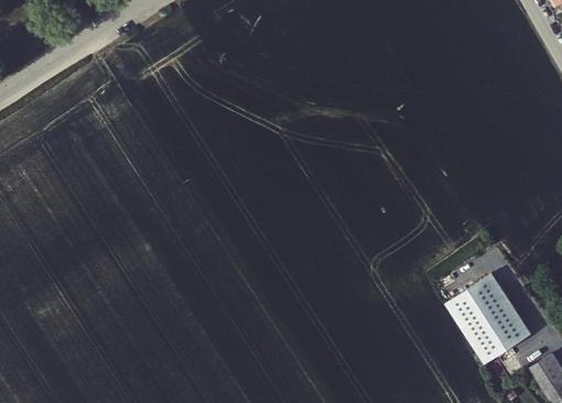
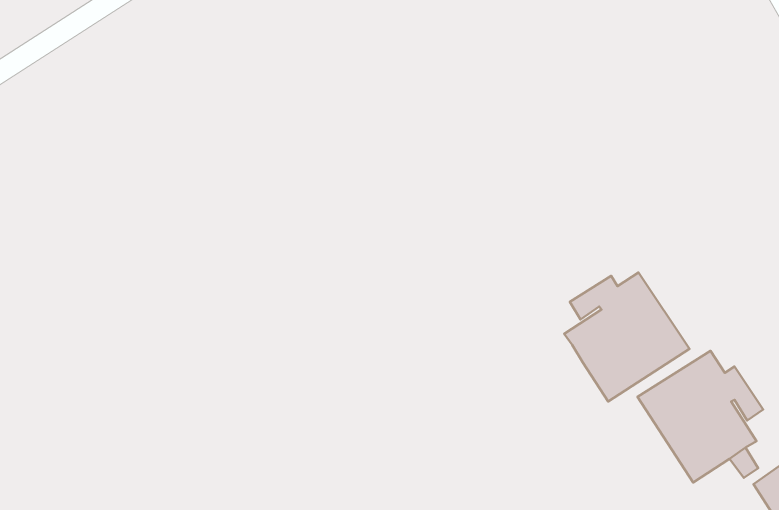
building: none -> [564,272,689,402]

